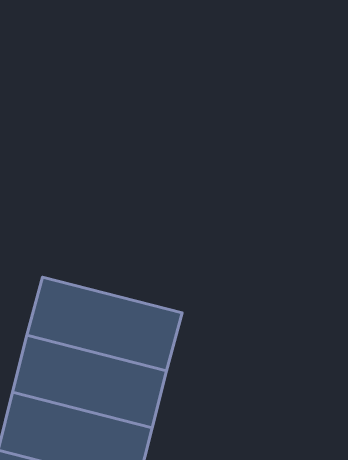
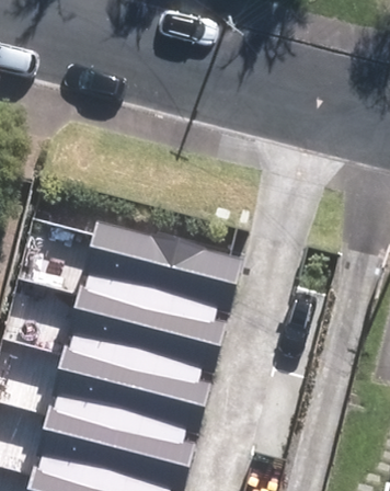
building: none -> [77,220,233,333]

